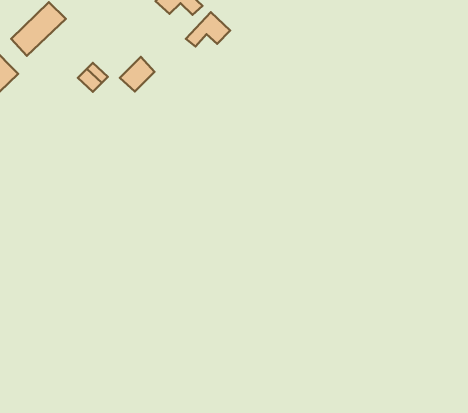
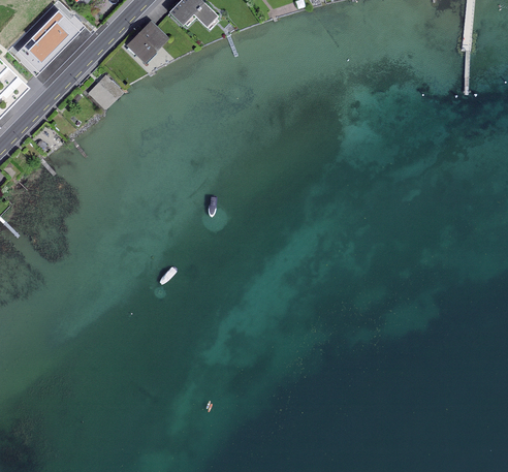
building: [186,12,230,46] -> none
building: [120,57,155,92] -> [128,22,164,58]

